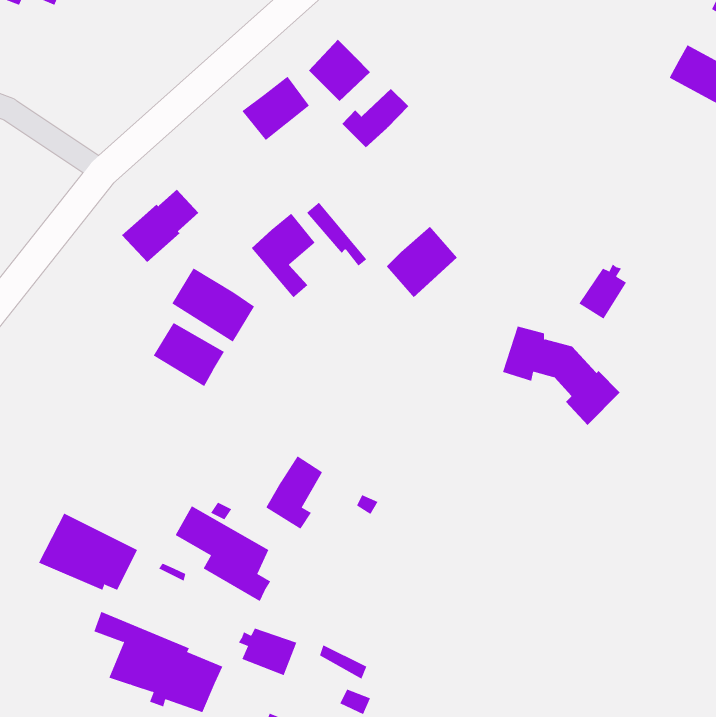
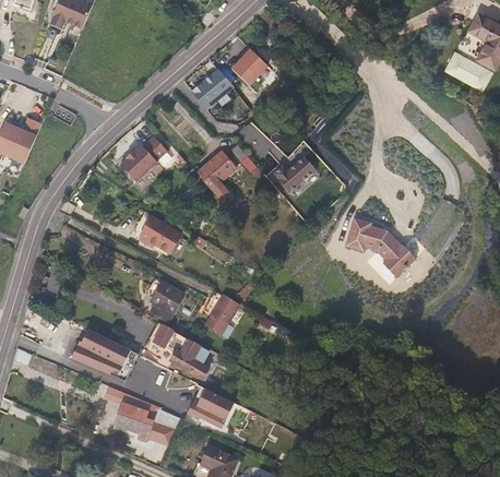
building: [341,88,409,148] -> none
building: [579,264,627,319] -> none
building: [172,268,255,342] -> none
building: none -> [148,279,184,322]

